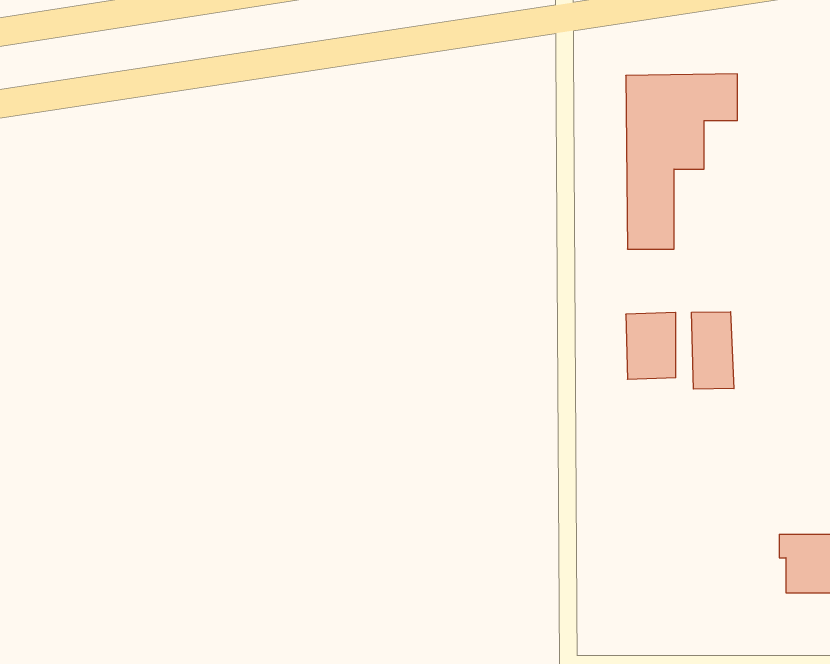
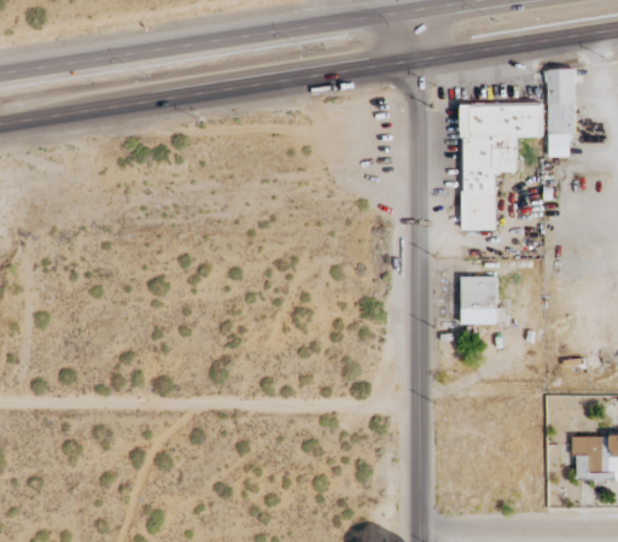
building: none -> [547,69,576,157]
building: [692,312,734,389] -> none

